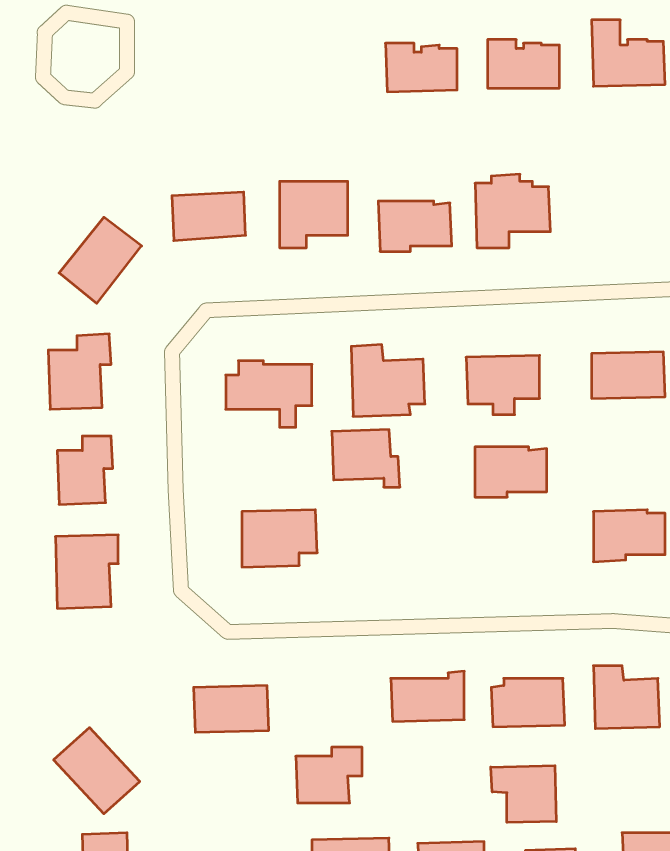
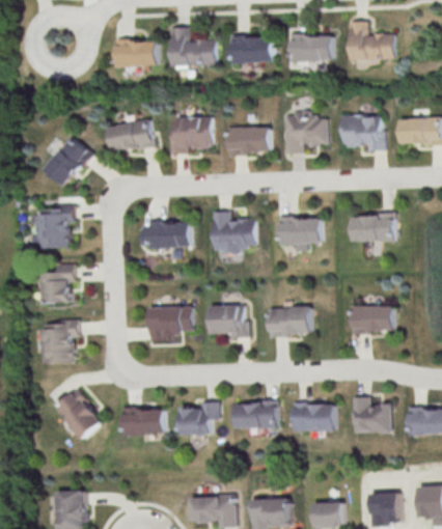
building: none -> [172,28,215,66]
building: none -> [116,40,158,68]
building: none -> [340,114,382,150]
building: [332,430,400,487] -> [209,305,248,338]
building: [475,447,547,497] -> [269,309,310,338]
building: [54,728,140,814] -> [53,389,103,439]
building: [296,747,362,803] -> [179,402,218,435]
building: [491,766,556,822] -> none

